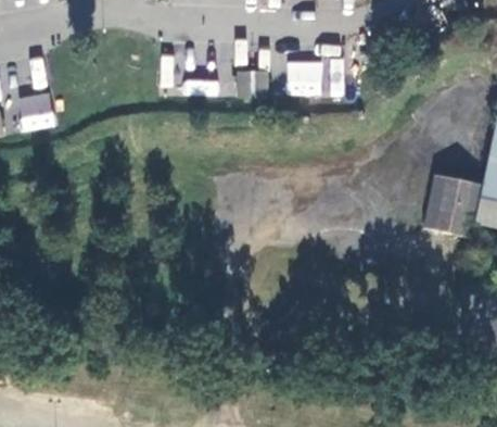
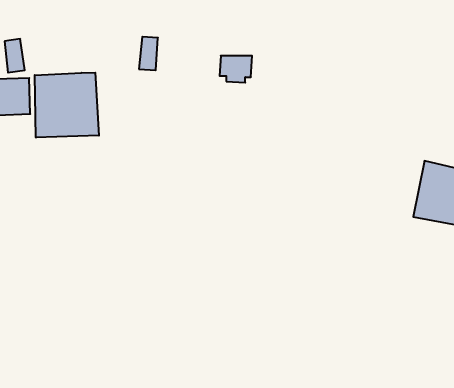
building: [285,58,344,97] -> none
building: none -> [35,73,99,138]

